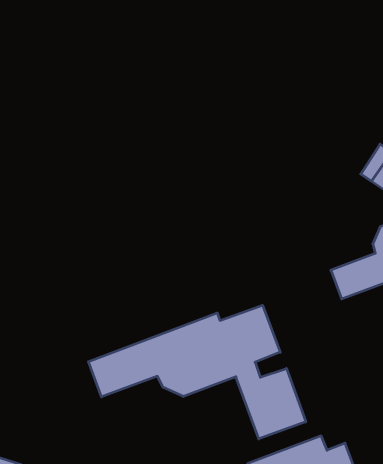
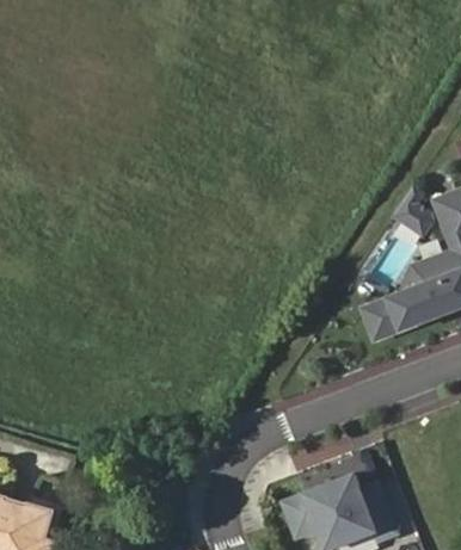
building: [88,305,306,439] -> none

